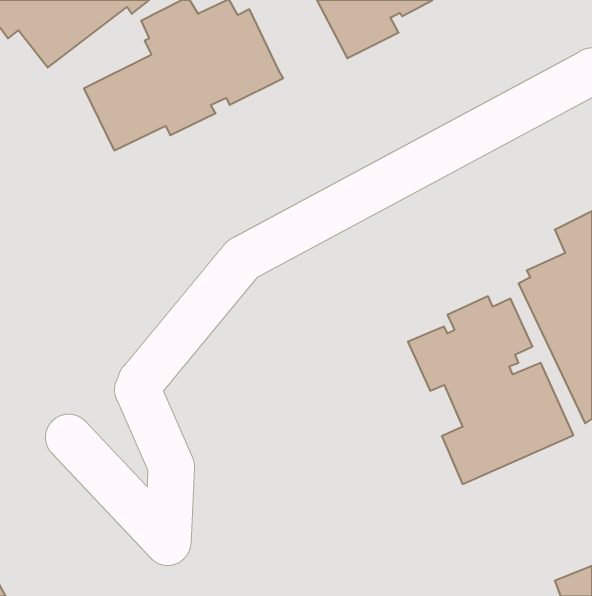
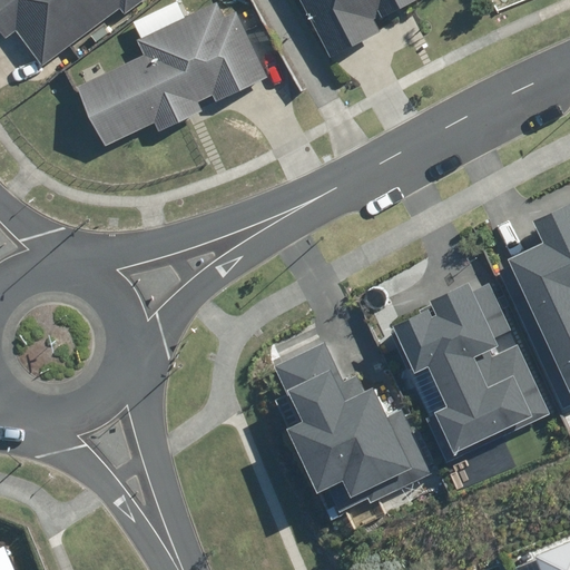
building: none -> [276,334,443,511]

